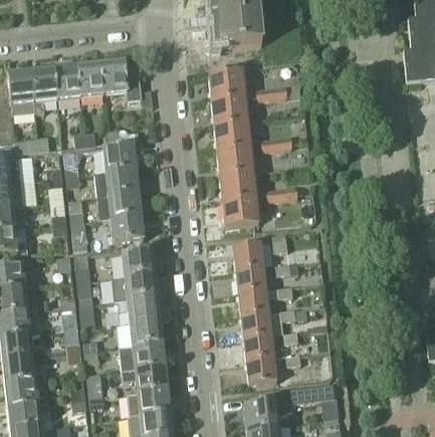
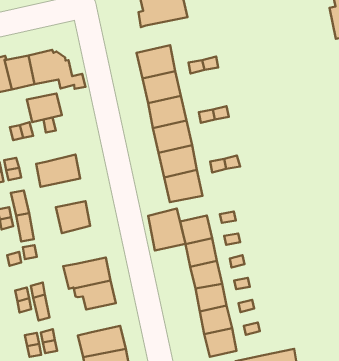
building: [102,147,136,173] -> [27,93,62,122]
building: [97,193,141,220] -> none
building: none -> [148,208,185,250]
building: [122,250,155,277] -> none
building: [130,320,162,347] -> none

